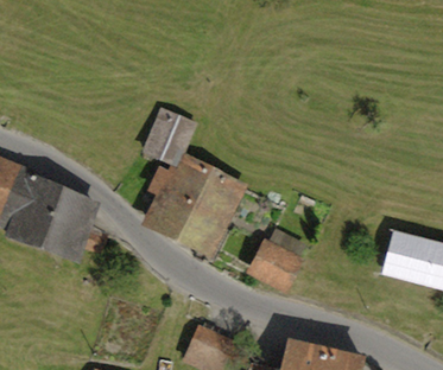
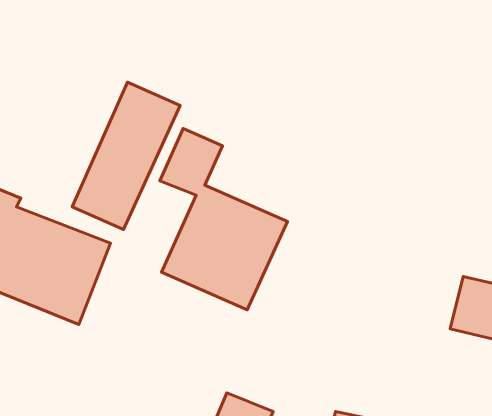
building: none -> [72,82,180,229]
building: [248,241,302,292] -> none

